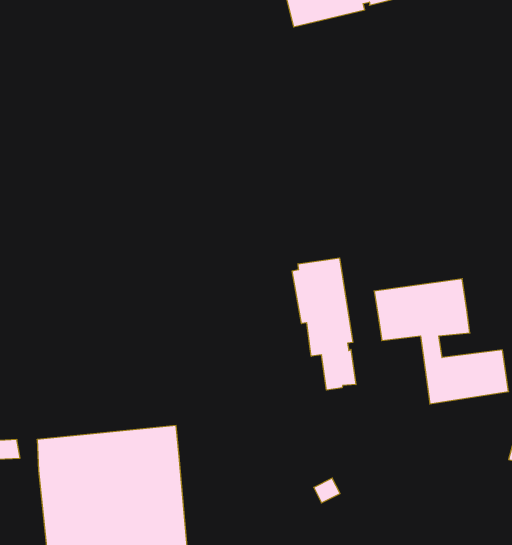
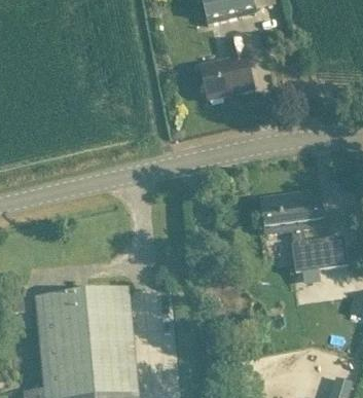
building: none -> [199,38,254,100]
building: [292,258,356,390] -> none

